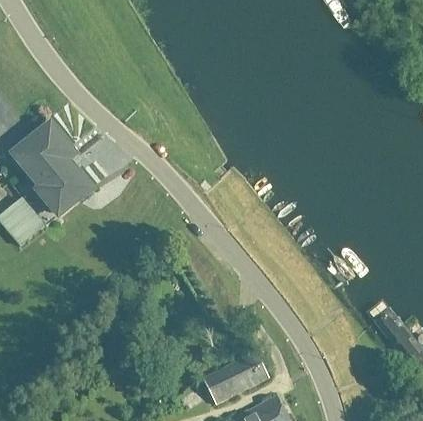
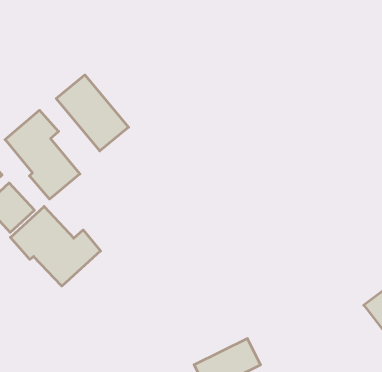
building: none -> [56,75,129,151]
building: none -> [10,206,101,286]

